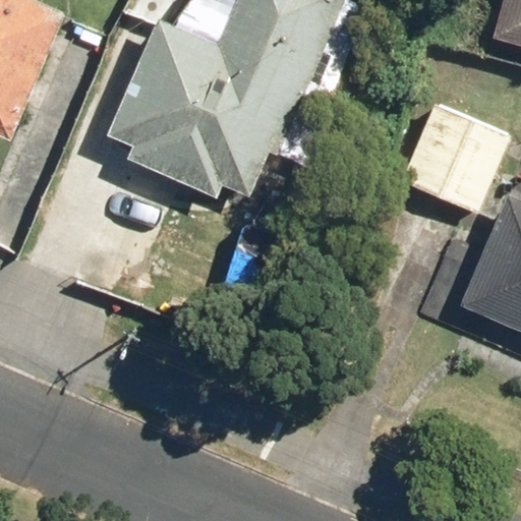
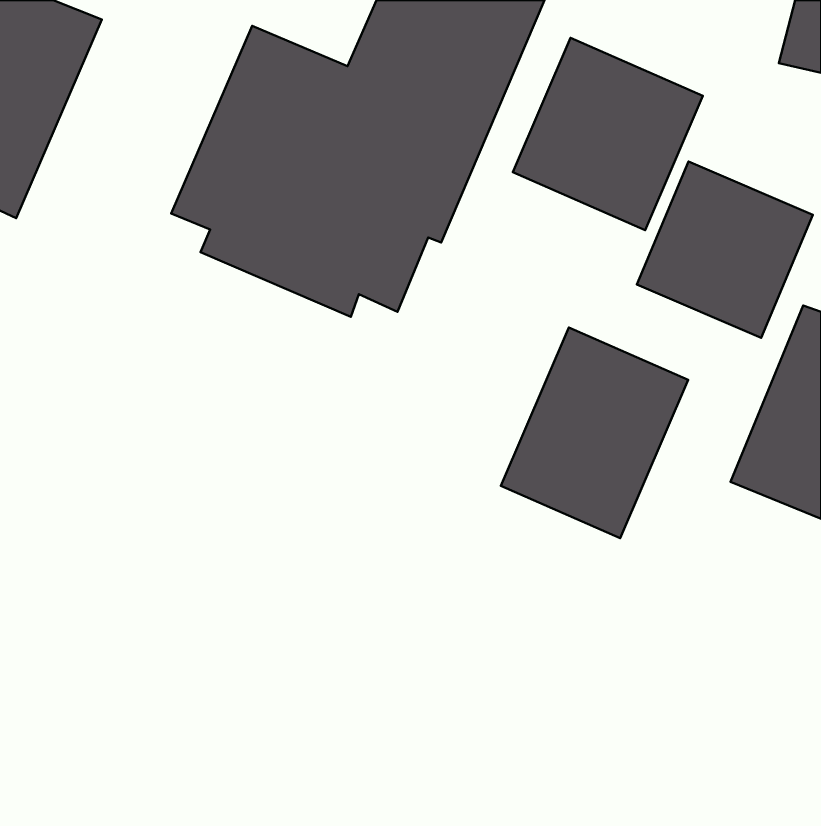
building: none -> [513,38,703,230]
building: none -> [501,328,688,538]

